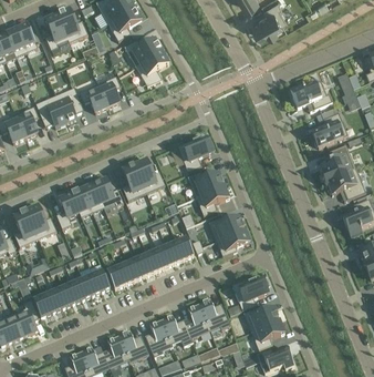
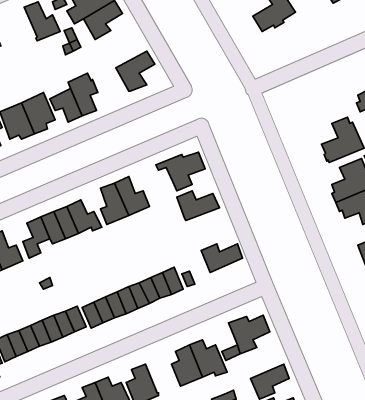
building: [45,13,69,50] -> none
building: [124,39,163,65] -> none
building: [289,80,332,109] -> none
building: [196,185,229,215] -> none
building: [217,228,250,256] -> none
building: [243,307,280,332] -> none
building: [162,314,194,345] -> none

